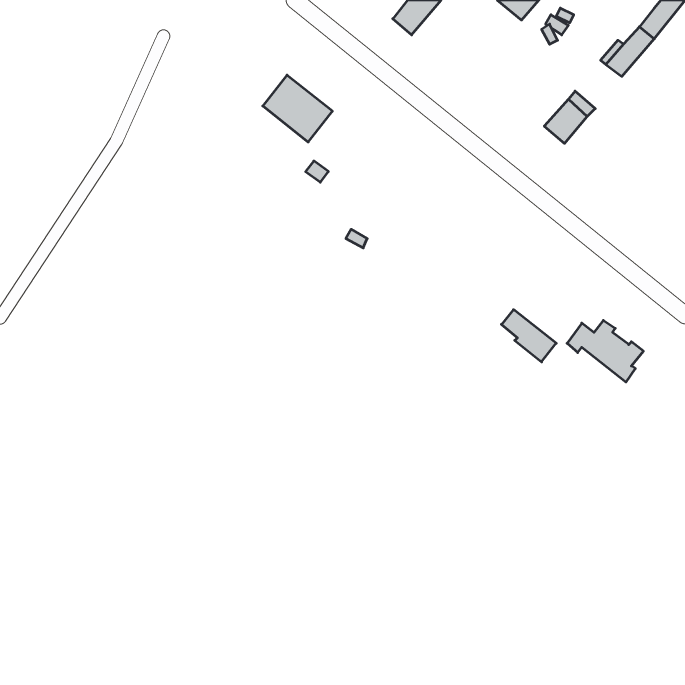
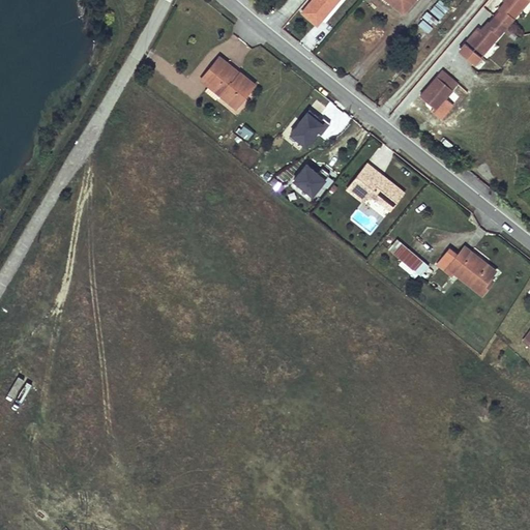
building: none -> [288,108,326,149]
building: none -> [289,163,326,199]
building: none -> [347,164,405,210]

